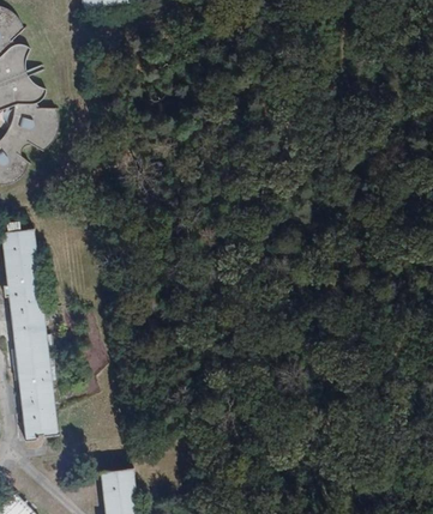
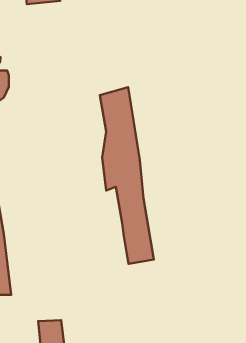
building: none -> [100,87,154,264]

